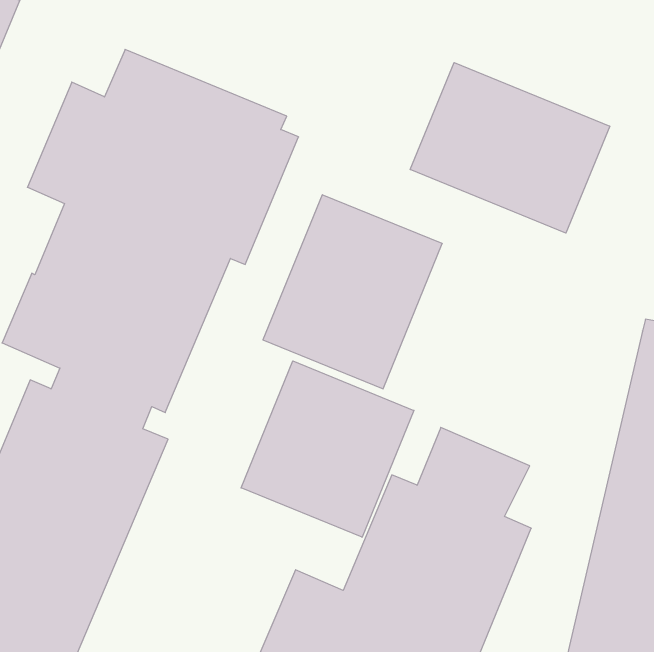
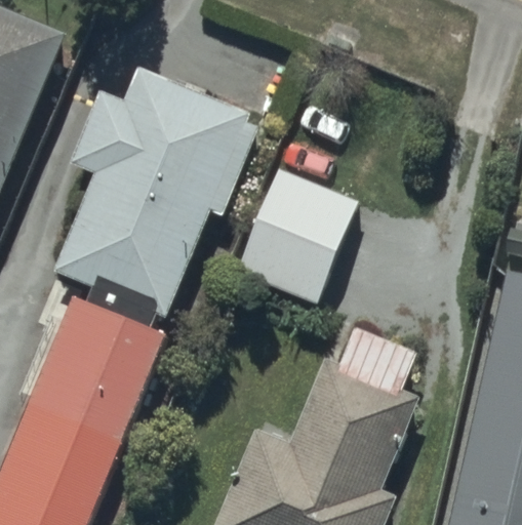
building: [410,63,610,233] -> none
building: [241,361,414,537] -> none

